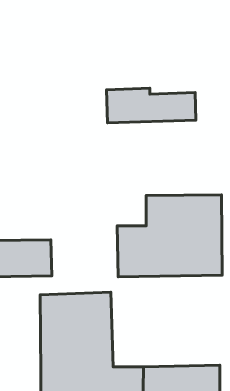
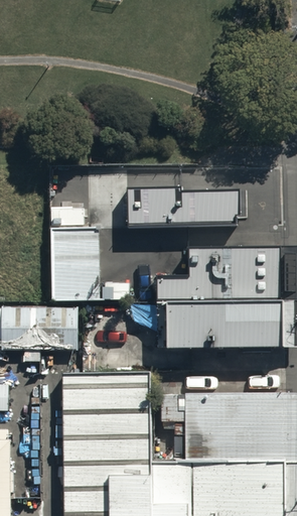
building: [107,88,196,123] -> [128,186,238,229]
building: none -> [48,226,99,300]
building: none -> [183,394,283,460]

